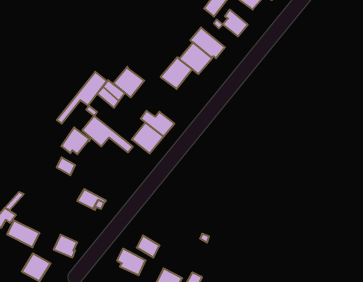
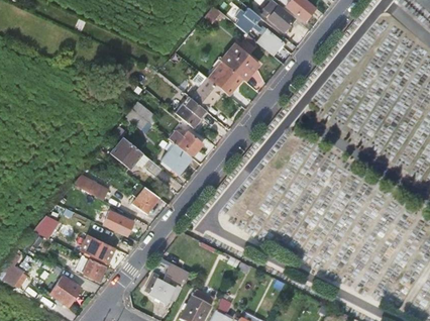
building: [114,67,144,97] -> [176,97,207,128]
building: [57,72,107,124] -> none
building: [61,127,90,154] -> [131,187,160,214]
building: [7,220,40,247] -> [82,236,115,263]

